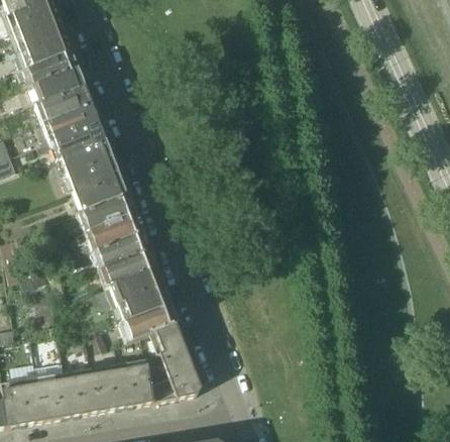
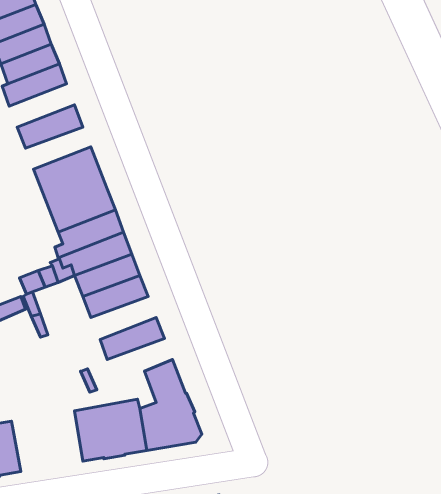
building: [36,84,93,121] -> none
building: [50,121,107,157] -> none
building: [107,267,163,305] -> none
building: [121,304,178,341] -> none
building: [38,366,100,419] -> none

